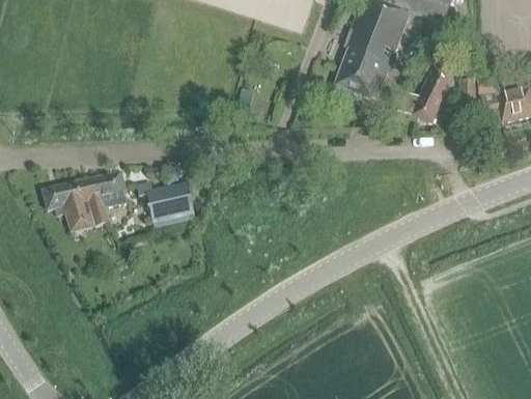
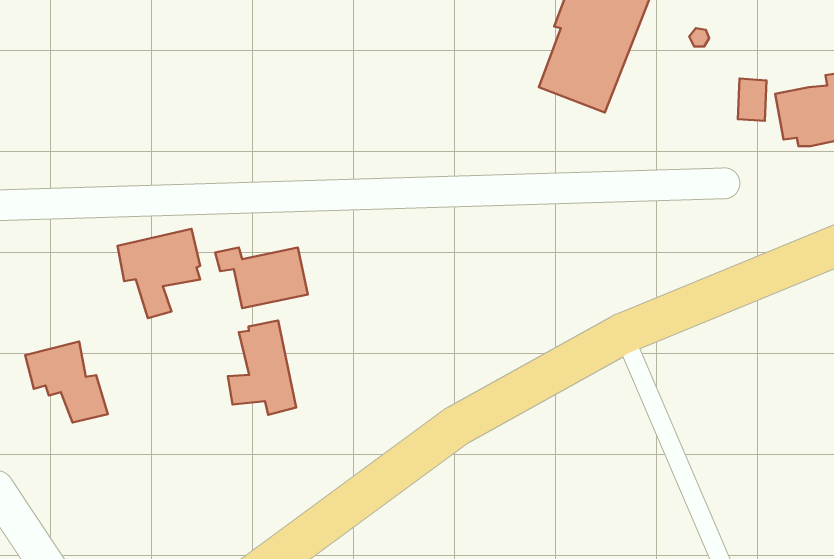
building: [397,65,453,124] -> none
building: [43,182,93,232] -> [25,342,108,423]
building: none -> [228,321,296,415]

